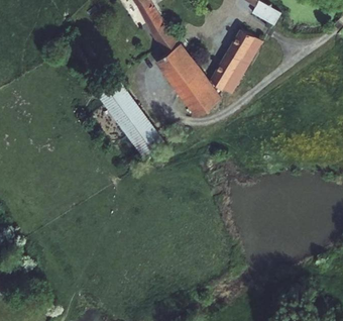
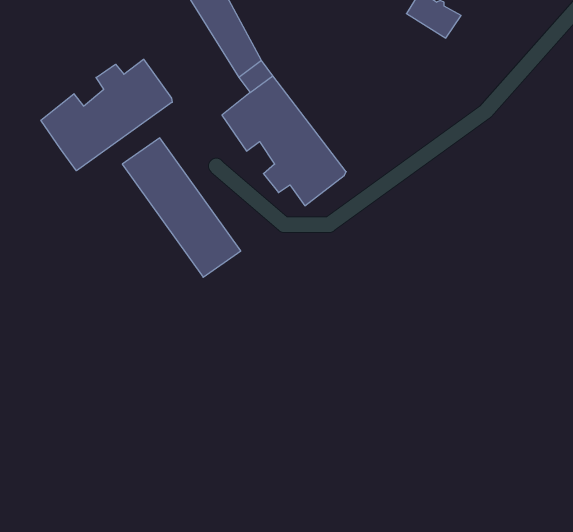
building: [211,32,261,92] -> none
building: none -> [41,59,172,171]

